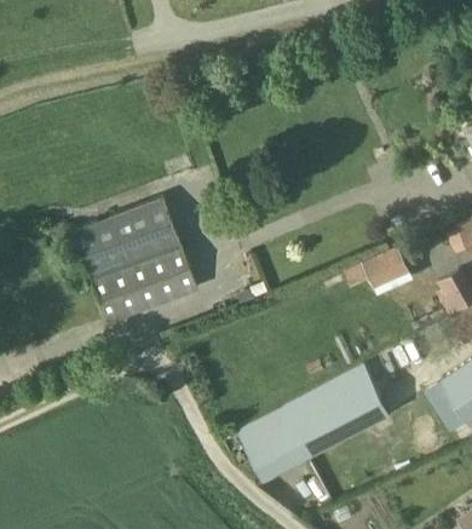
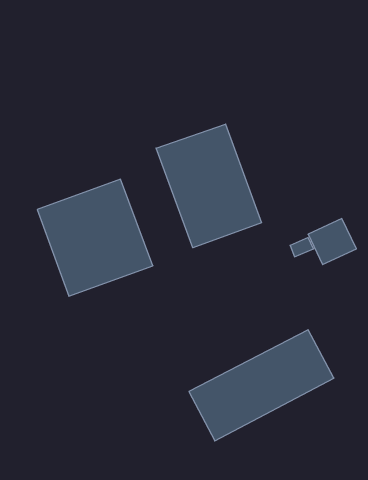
building: none -> [156,124,261,248]

